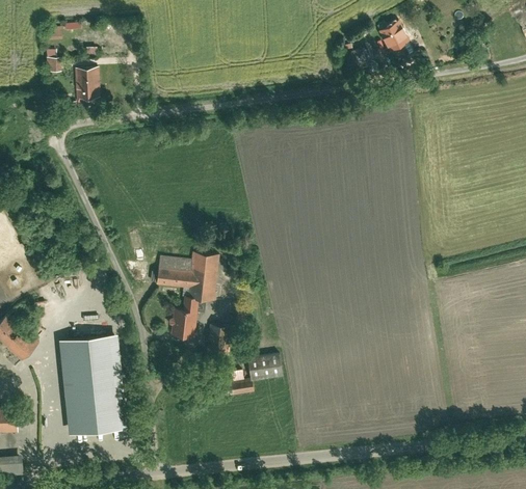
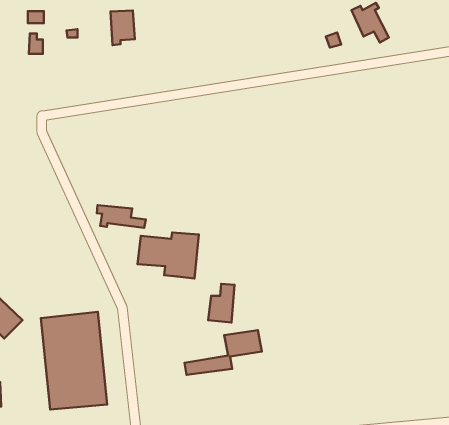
building: [75,67,100,103] -> [110,11,135,45]
building: none -> [97,205,146,228]
building: [170,297,198,336] -> [208,284,235,322]

